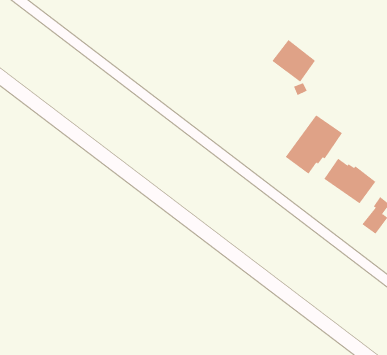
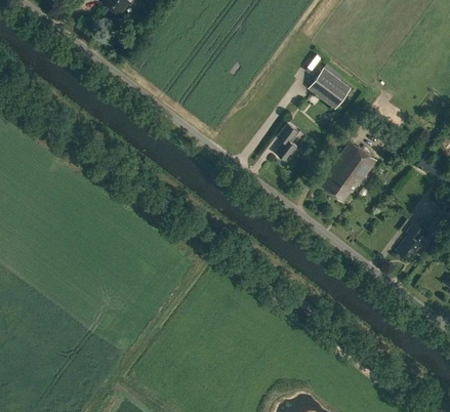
building: none -> [277,124,300,161]
building: [323,158,376,204] -> none

